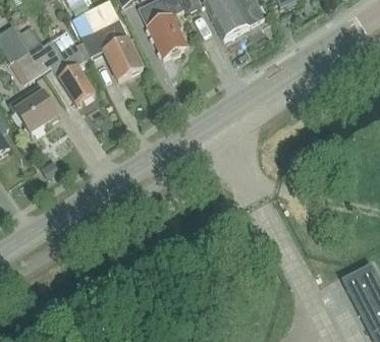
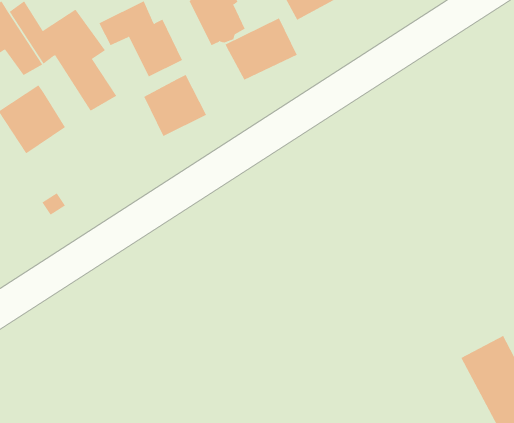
building: none -> [225,17,297,81]
building: none -> [143,74,207,137]

